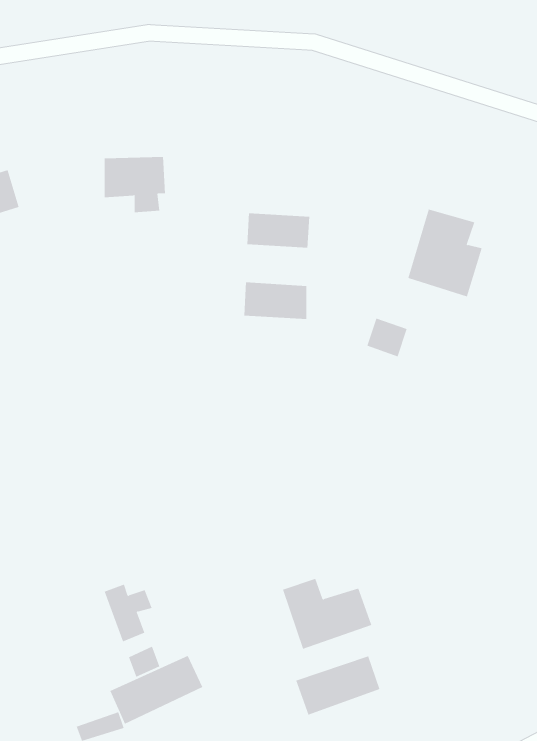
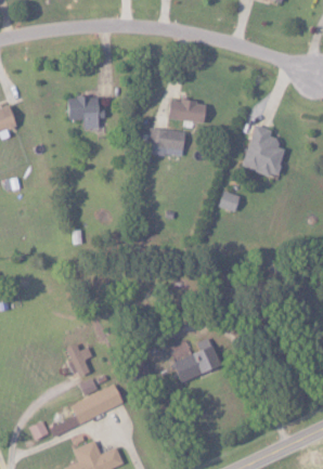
building: [243,282,307,319] -> [167,100,204,121]
building: [295,656,380,715] -> none

